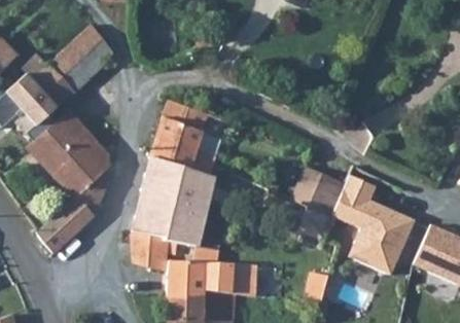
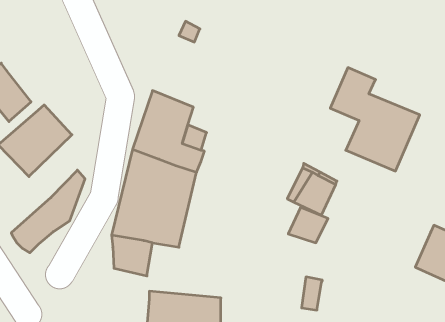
building: [33,24,111,109] -> none
building: [54,140,107,199] -> none
building: [331,174,415,271] -> [330,68,420,171]
building: [166,259,255,294] -> none

